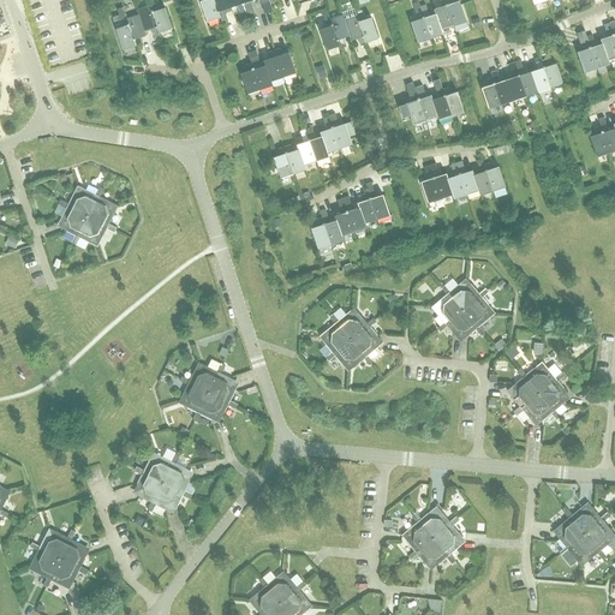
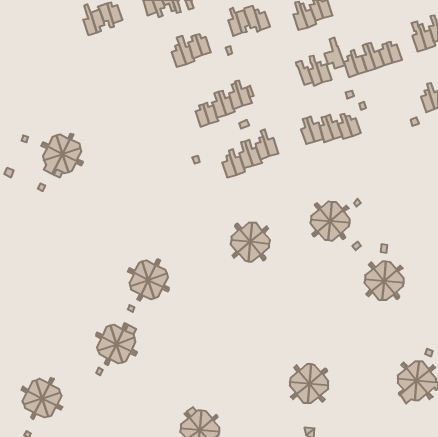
building: [398,82,426,125] -> [324,38,345,68]

